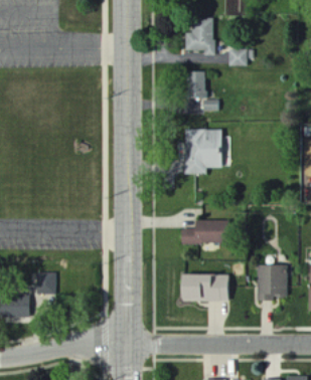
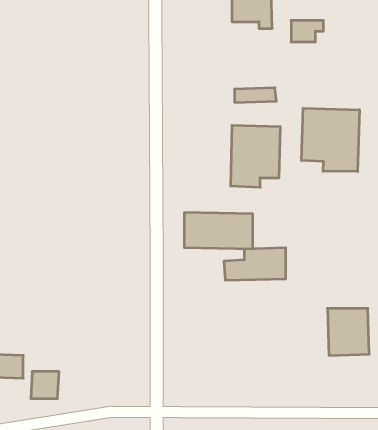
building: [186,70,207,99] -> none
building: none -> [302,108,359,172]
building: [36,273,57,294] -> [31,372,59,398]
building: [177,273,228,301] -> [184,213,253,249]

